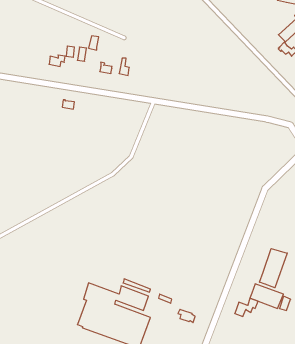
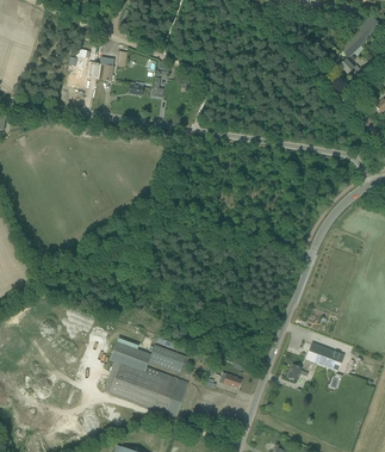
building: [260,249,287,288] -> none

